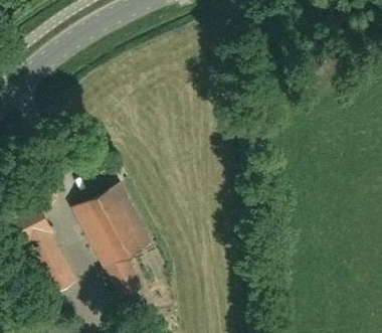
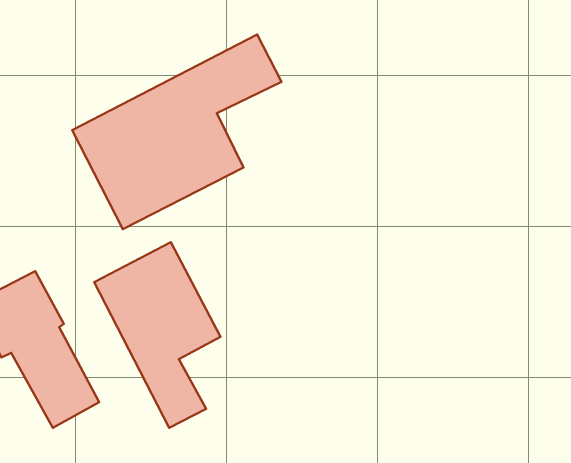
building: none -> [72,34,281,229]

